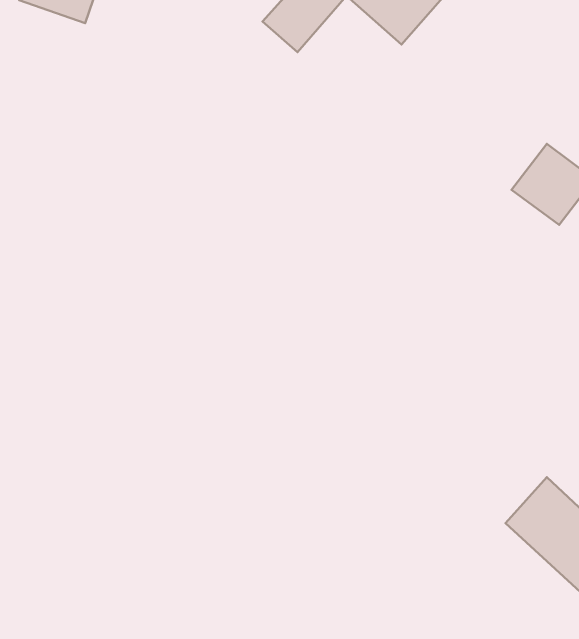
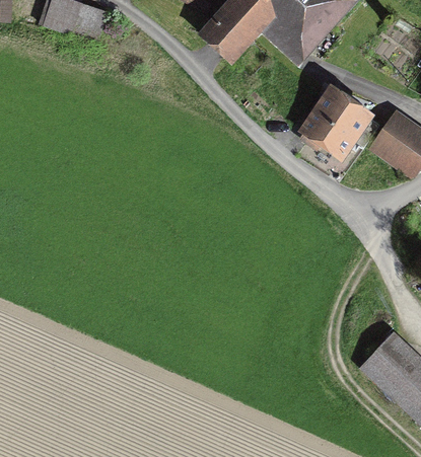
building: none -> [308,95,365,154]

